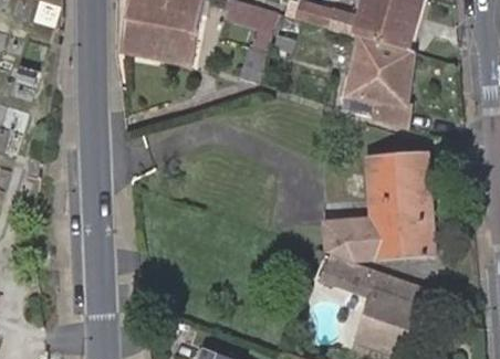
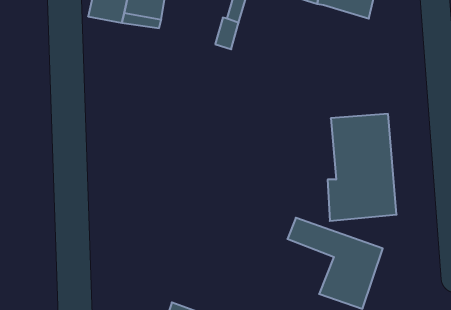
building: [341,36,413,129] -> none
building: [324,219,366,262] -> none

